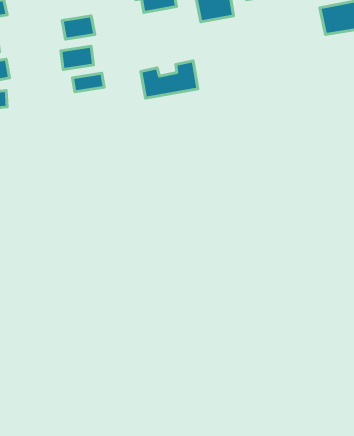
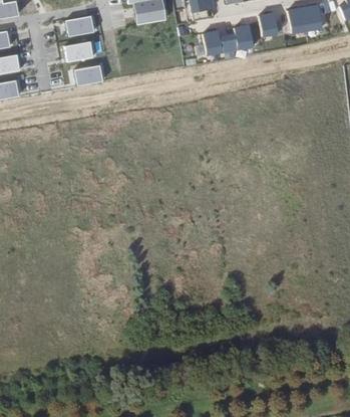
building: none -> [259,12,279,37]
building: [141,61,198,98] -> [205,23,254,55]

